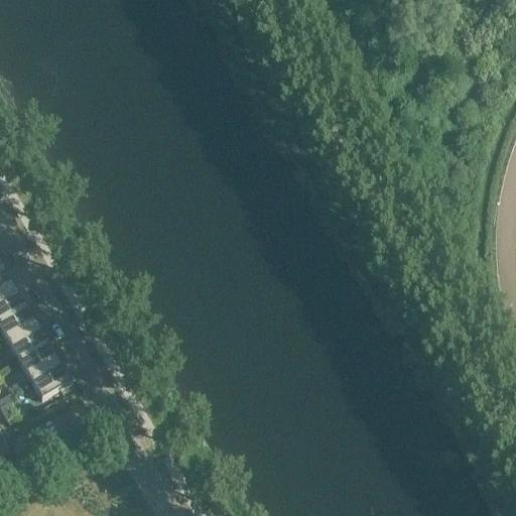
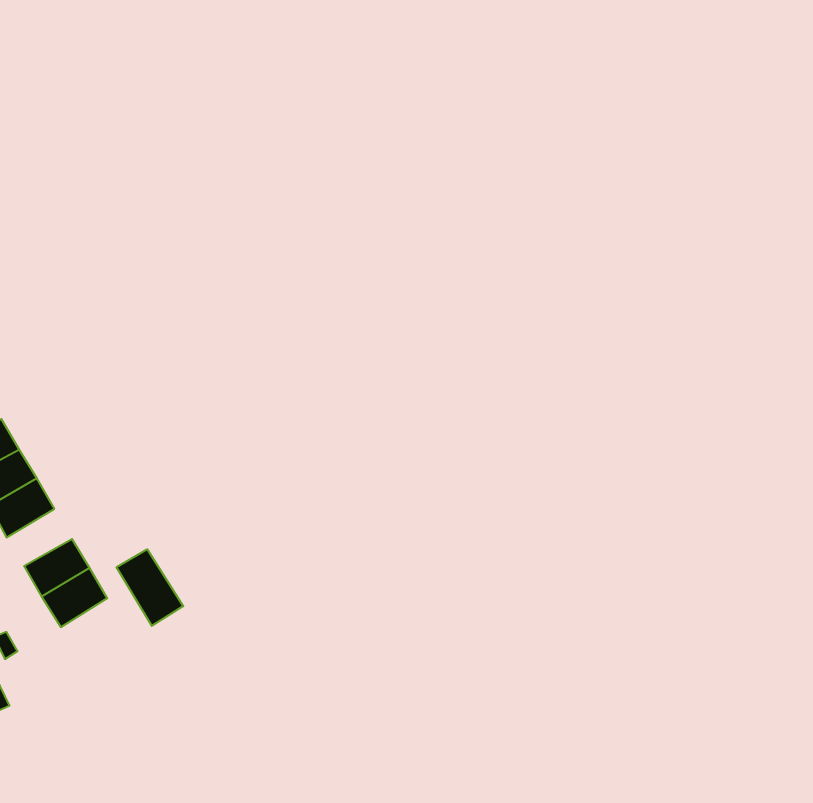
building: [4,320,45,357] -> none
building: none -> [117,549,183,626]

